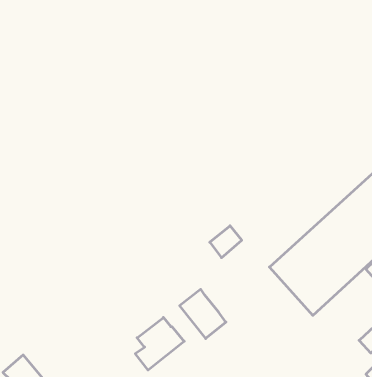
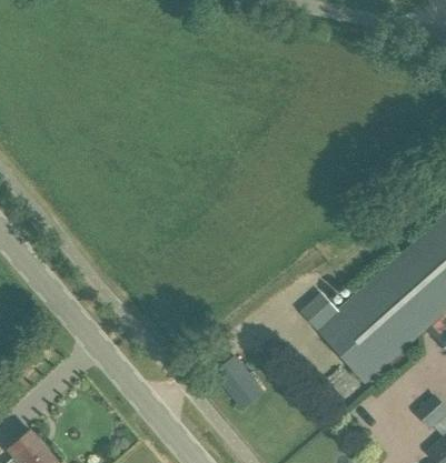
building: [210,226,242,258] -> [300,291,337,328]
building: [135,317,184,370] -> none

